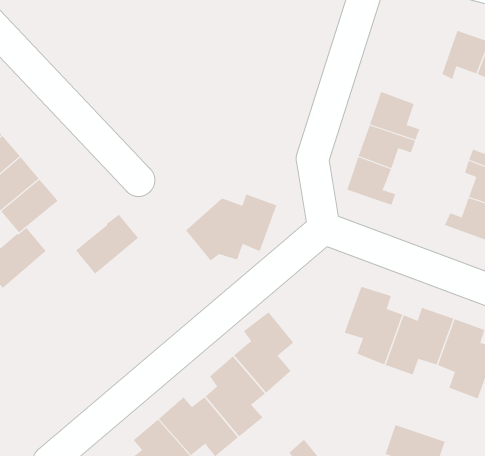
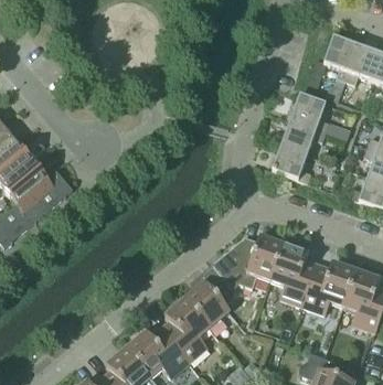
building: none -> [313,34,359,99]
building: [185,194,277,262] -> [212,235,284,288]
building: [75,214,139,275] -> [23,169,73,216]

